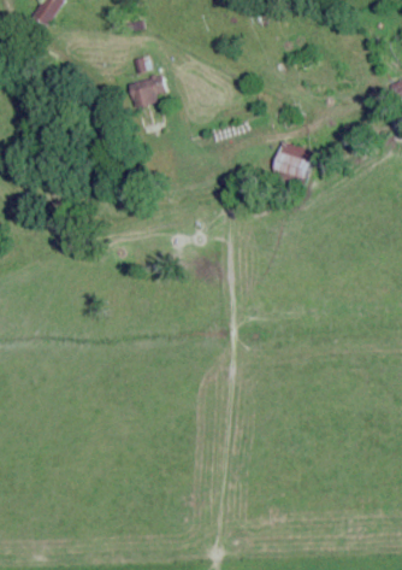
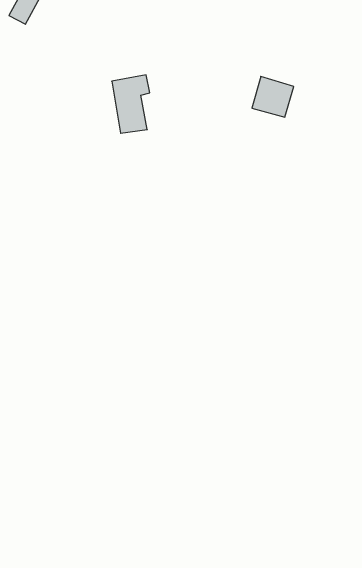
building: [273,140,313,178] -> [252,76,294,117]

